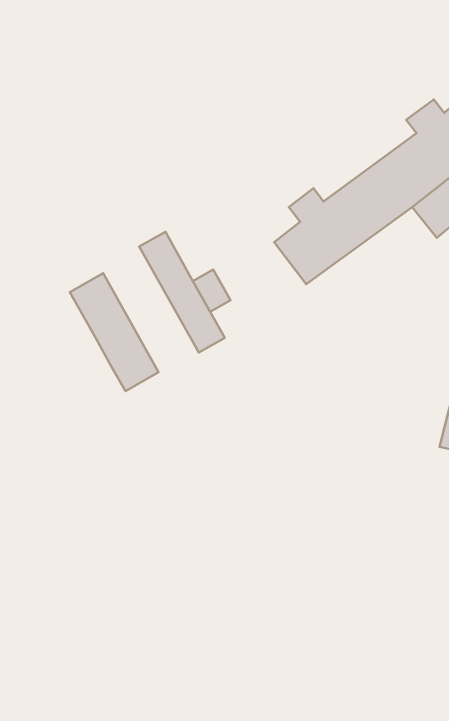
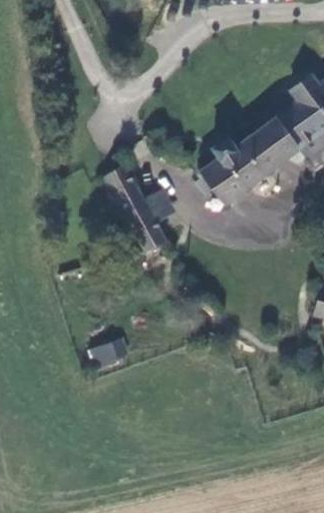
building: [70,273,159,391] -> none
building: none -> [90,337,131,369]

